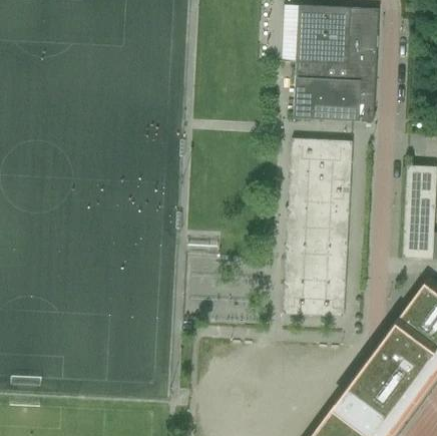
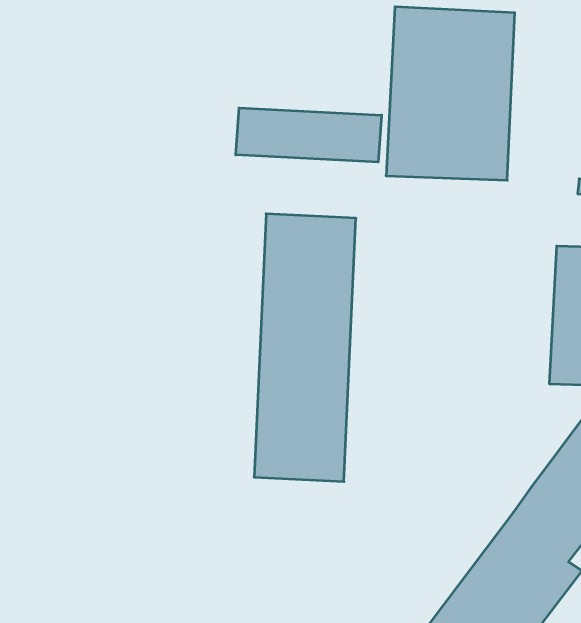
building: none -> [236,108,382,162]
building: [284,137,352,317] -> [254,214,356,482]

